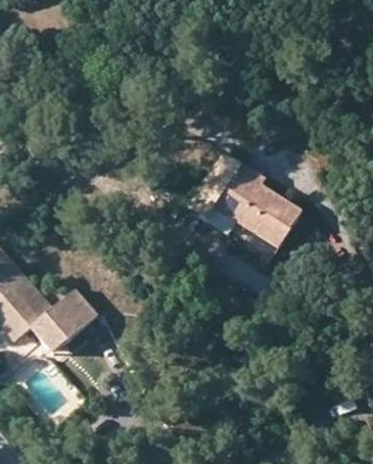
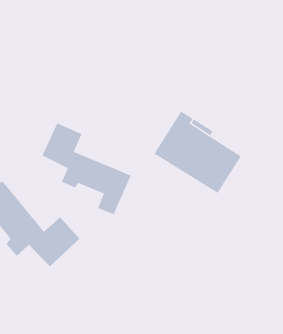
building: none -> [42,122,132,215]

